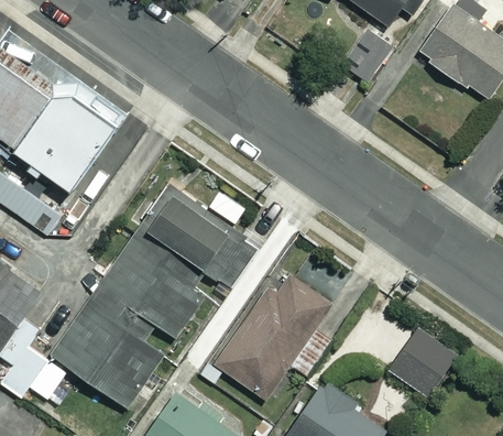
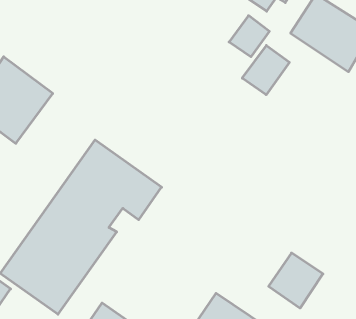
building: none -> [242,45,289,95]
building: [212,273,331,400] -> none

